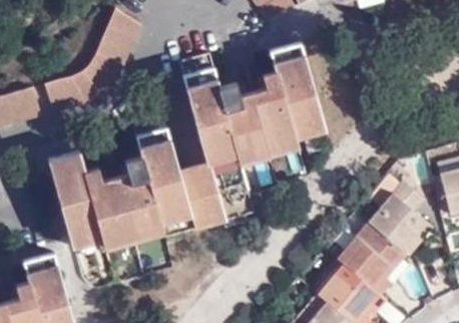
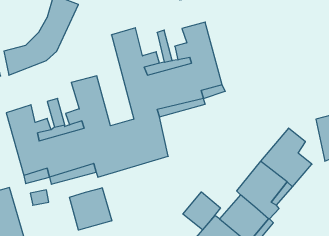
building: none -> [69,188,112,230]
building: none -> [183,192,220,230]

